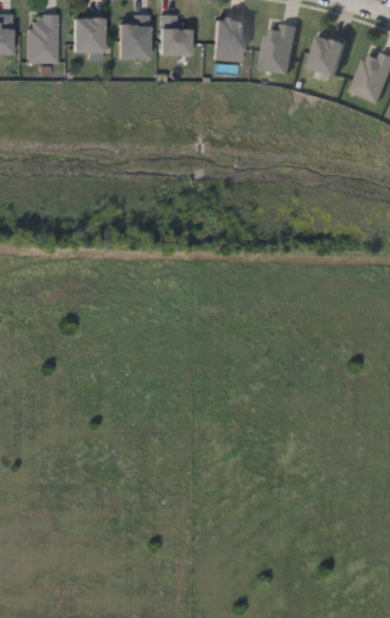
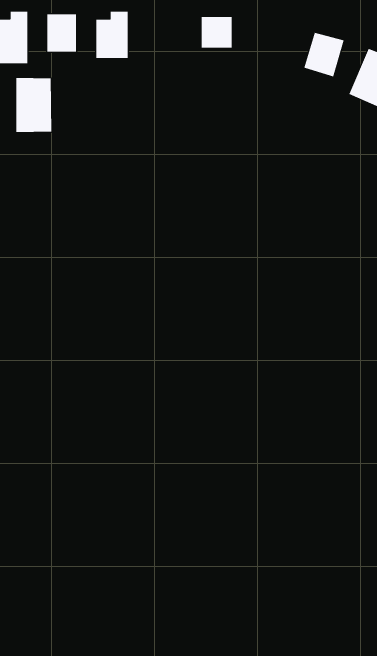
building: [162,14,192,54] -> none
building: [261,22,297,74] -> none
building: none -> [16,77,52,133]

